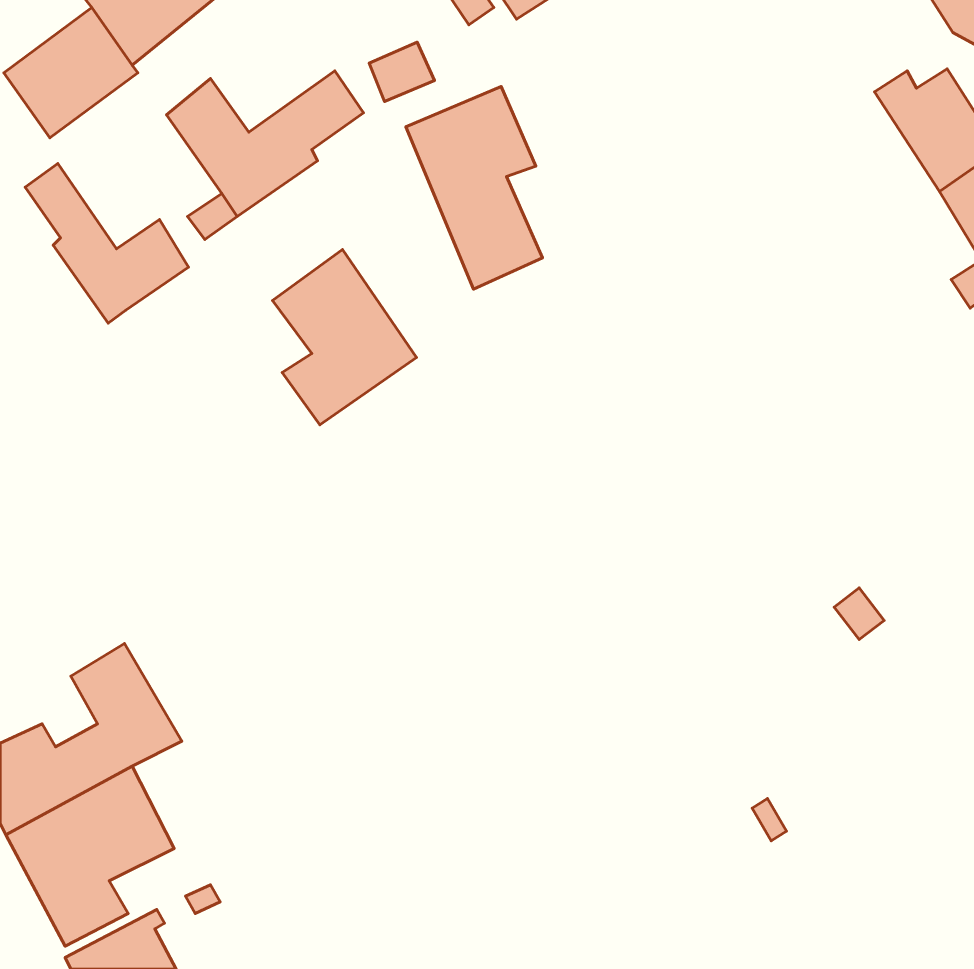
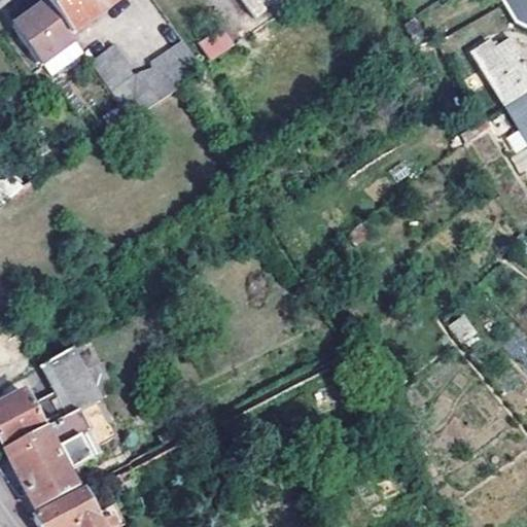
building: [406,86,543,289] -> none
building: [25,164,188,323] -> none
building: [273,250,416,425] -> none

